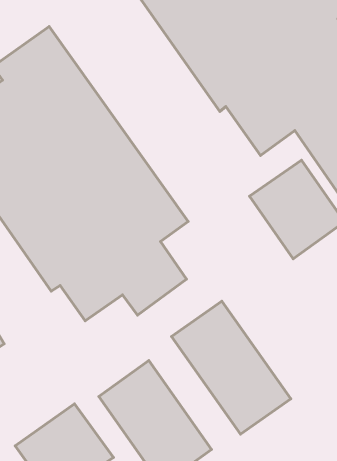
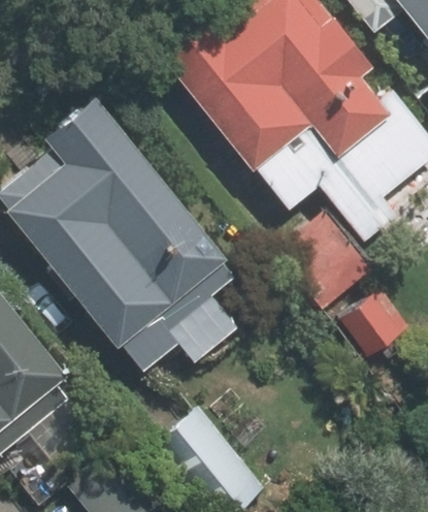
building: [171,301,291,434] -> none

